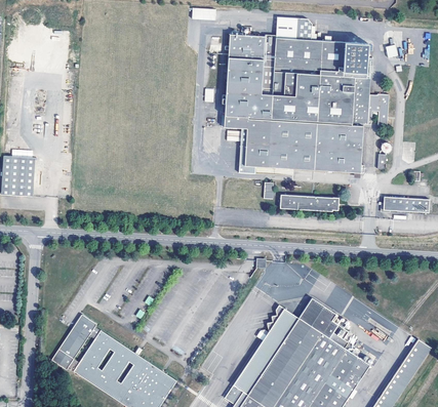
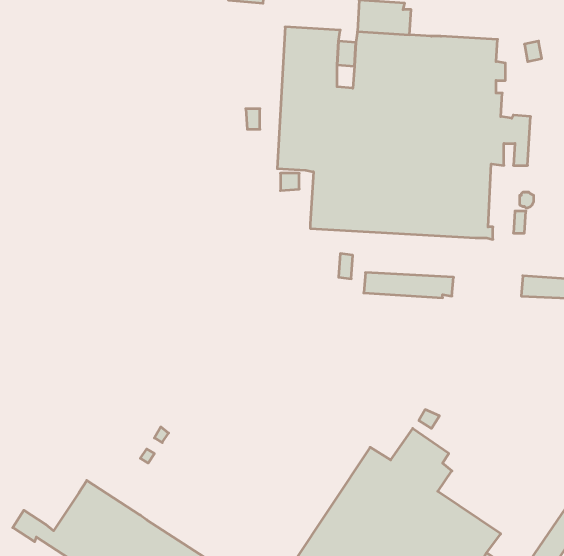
building: [58,314,99,359] -> none

